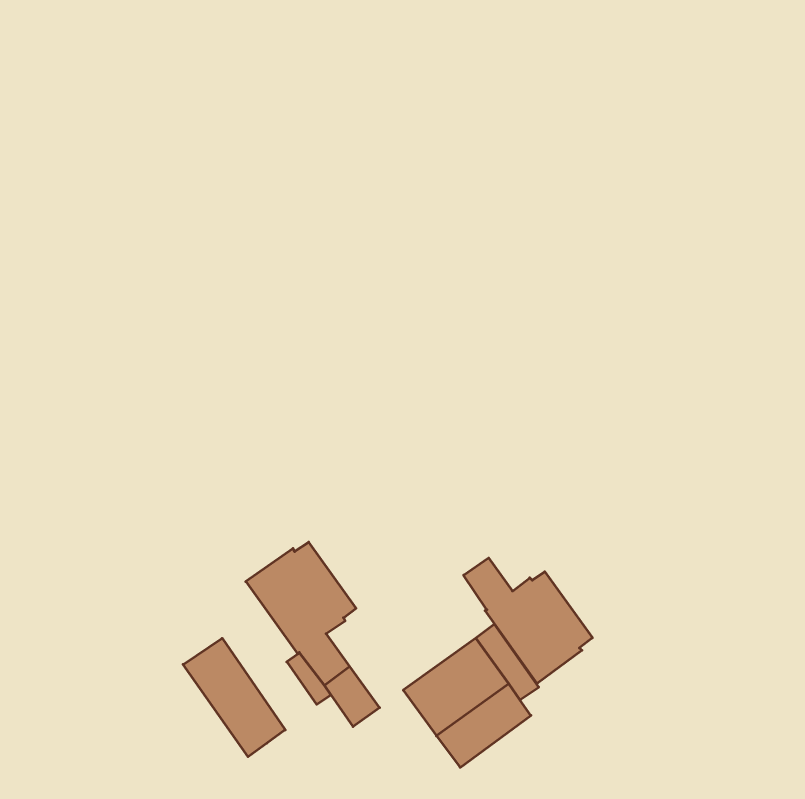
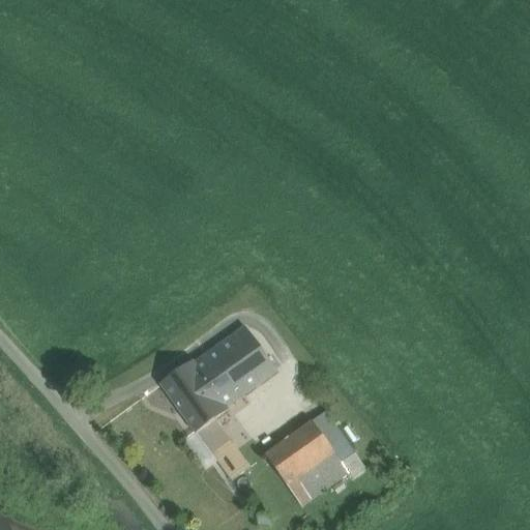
building: none -> [203,326,276,400]
building: [464,558,592,683] -> none
building: [183,638,285,757] -> none

